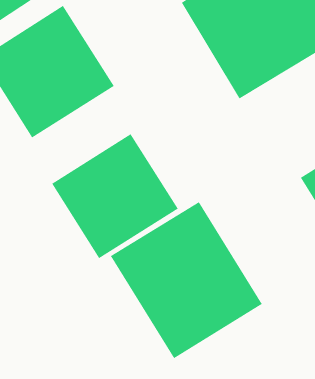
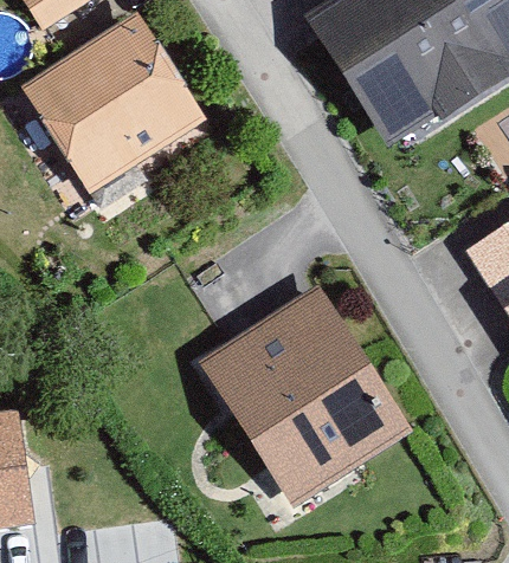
building: [51,133,179,259] -> none

